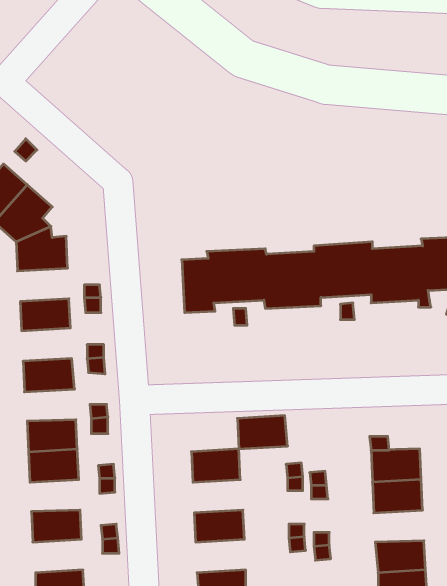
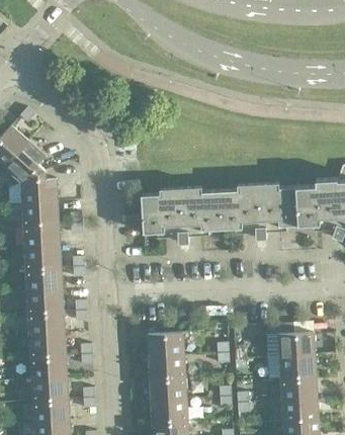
building: none -> [20,201,58,226]
building: none -> [23,245,60,269]
building: none -> [25,289,63,313]
building: [237,416,288,449] -> [148,355,184,379]
building: none -> [29,355,66,378]
building: none -> [279,377,316,401]
building: none -> [31,399,68,423]
building: none -> [150,399,186,423]

